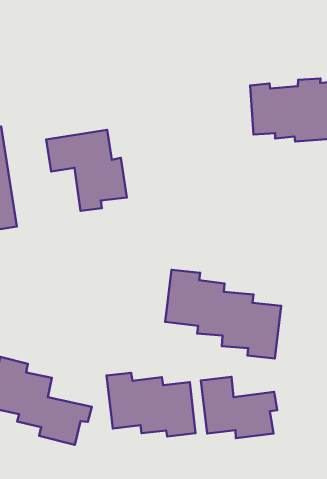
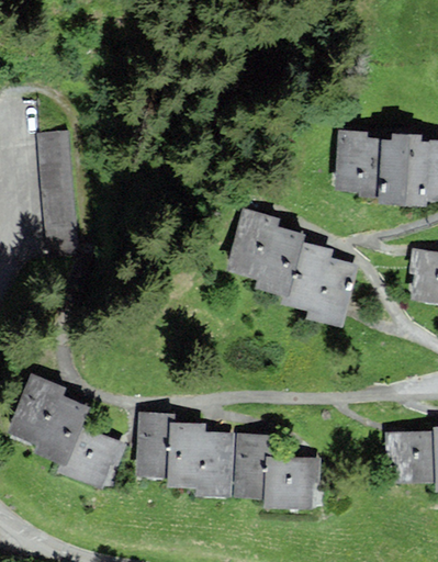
building: [46,130,127,211] -> none
building: [165,270,281,359] -> [228,212,353,323]

